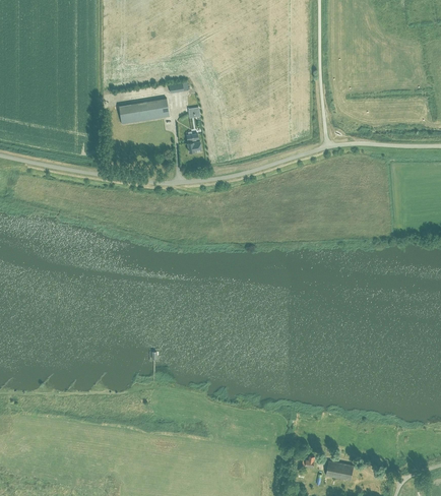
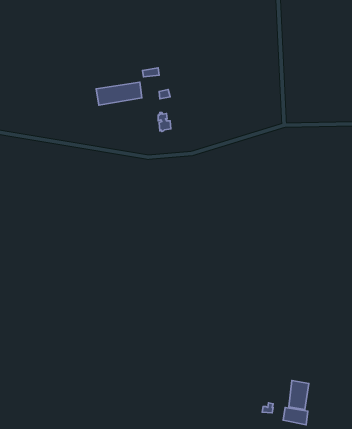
building: none -> [289,380,309,410]

